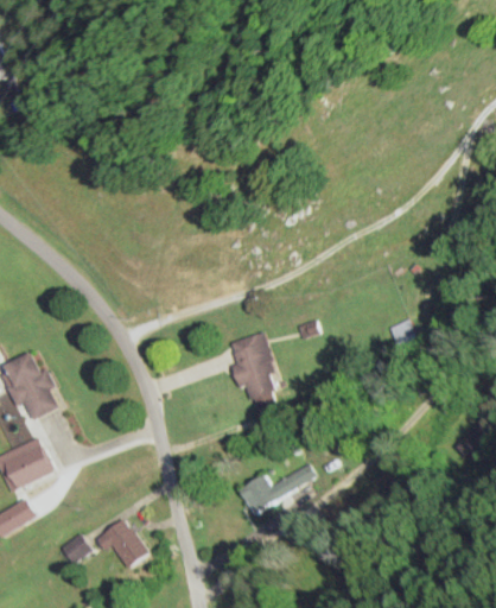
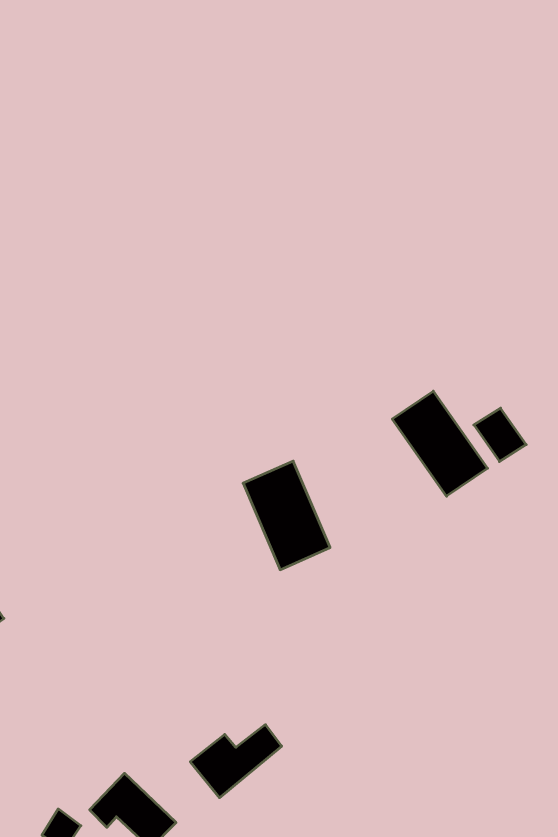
building: none -> [392,391,488,496]
building: [239,473,299,515] -> [190,725,282,798]

